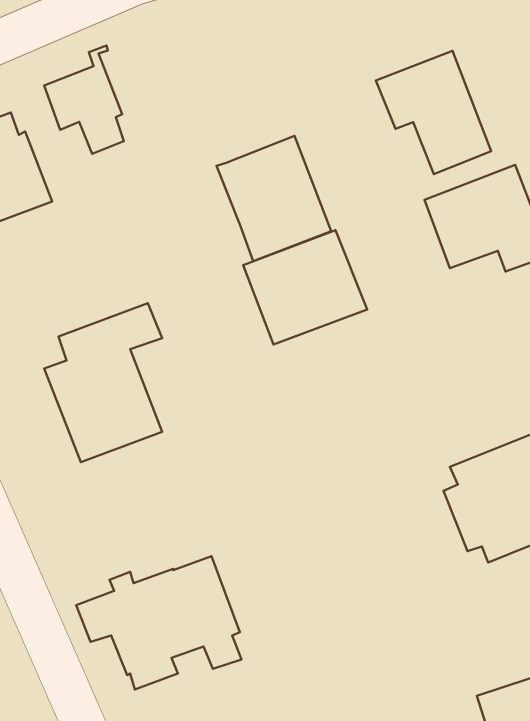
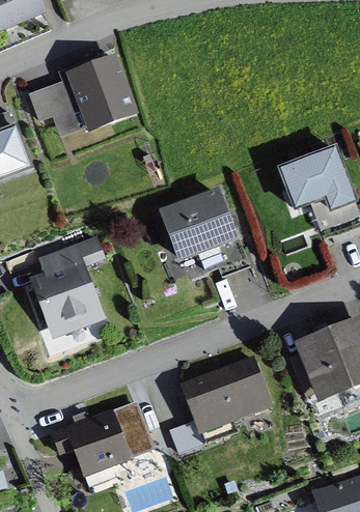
building: [376,51,491,174] -> none
building: [217,136,331,261] -> [64,52,139,134]
building: none -> [169,354,273,453]

